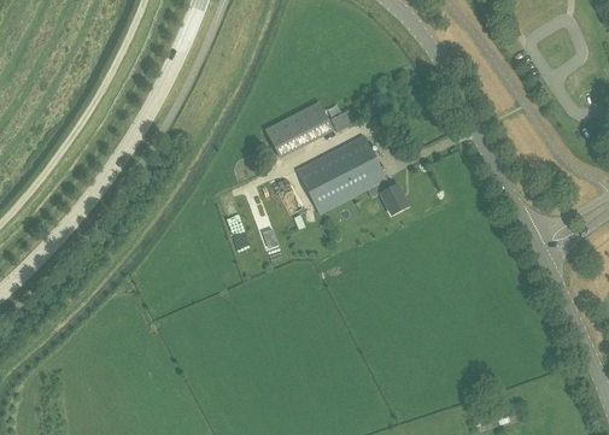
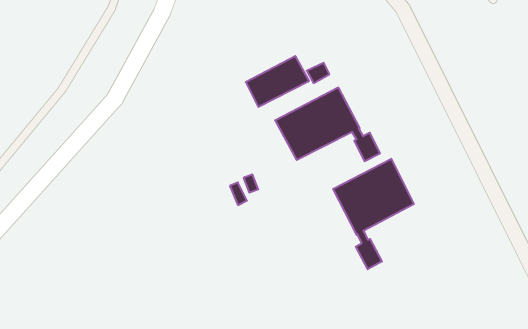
building: none -> [333,159,414,269]

